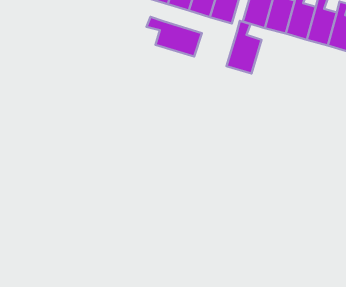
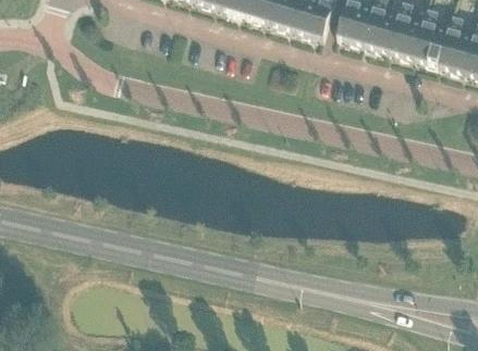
building: [146,17,202,57] -> none
building: [227,21,262,74] -> none

